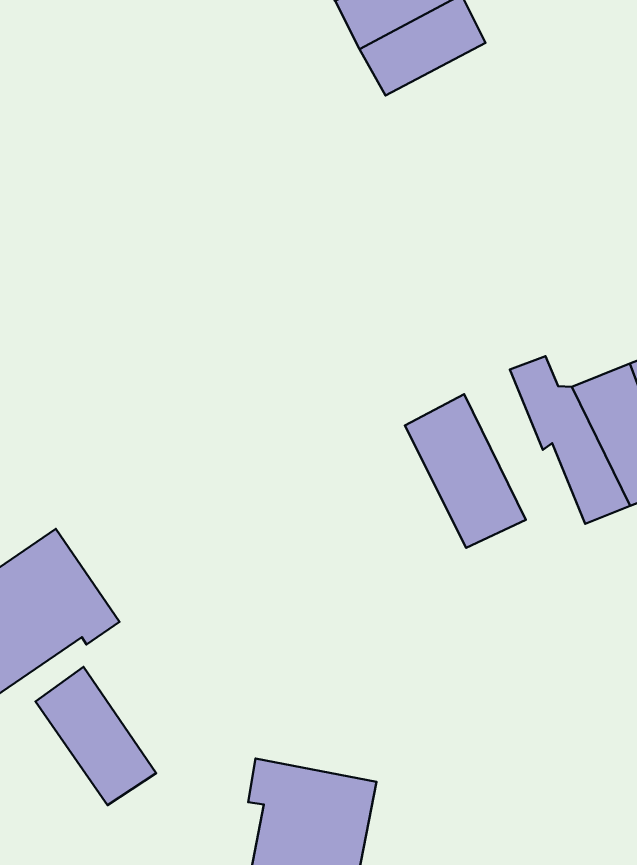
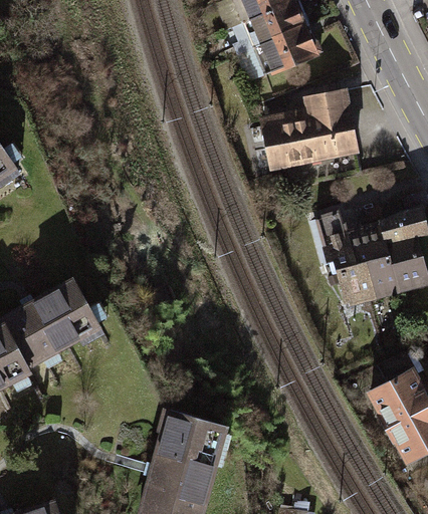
building: none -> [264,91,358,185]
building: [405,394,526,548] -> none
building: [36,667,156,805] -> none

